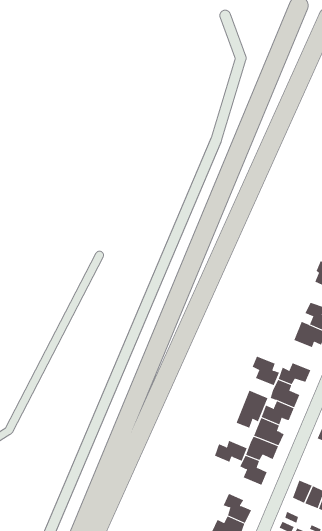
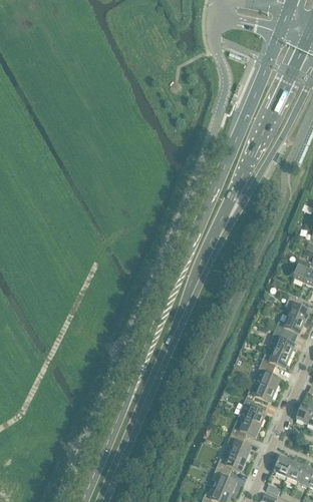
building: [252,356,280,386] -> [272,330,297,357]
building: [236,390,268,429] -> none
building: [214,440,248,463] -> [218,453,248,473]

